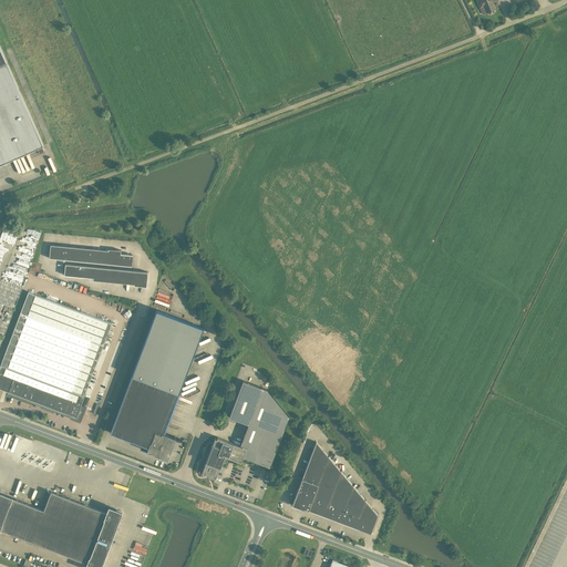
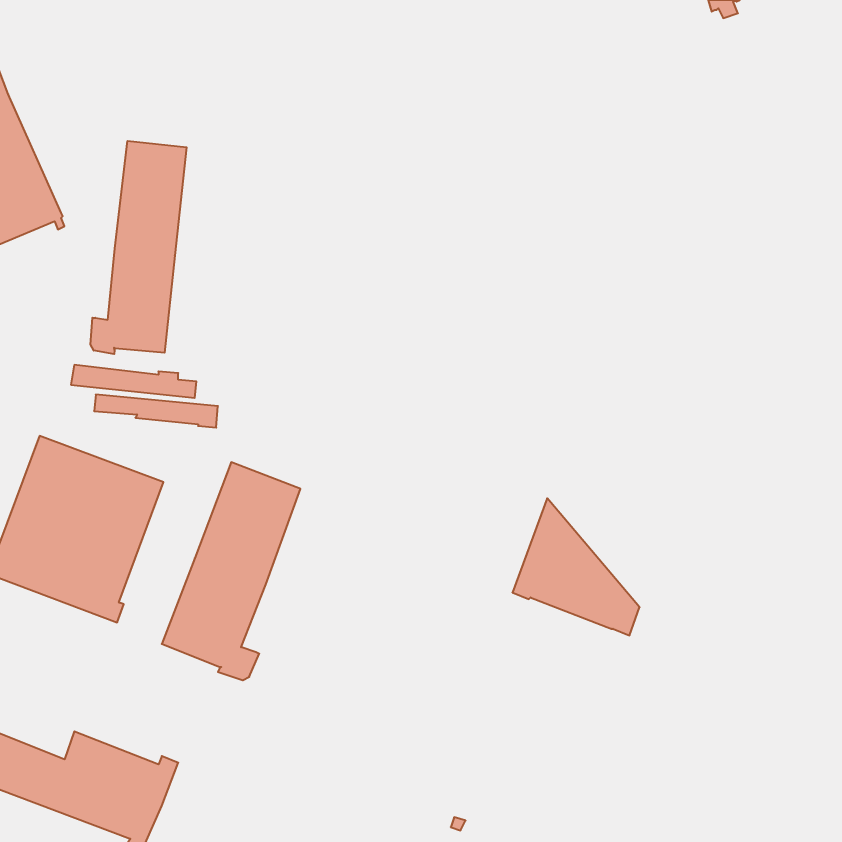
building: none -> [90,141,187,354]
building: [200,381,289,480] -> none
building: [291,443,377,535] -> [512,498,640,635]

